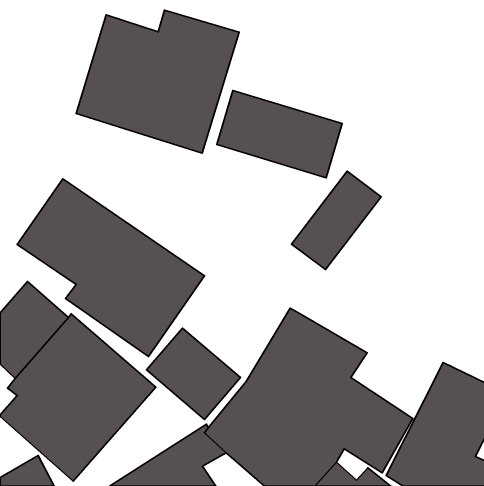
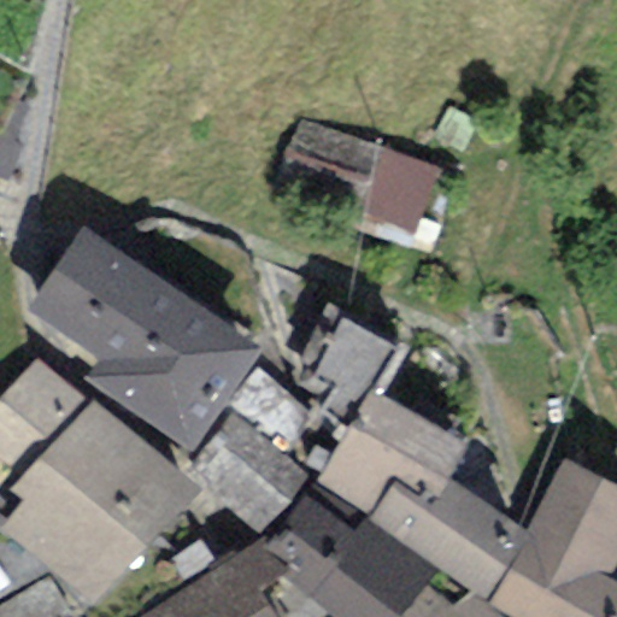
building: [76,10,239,153] -> none
building: [291,171,381,270] -> none
building: none -> [228,305,410,483]

